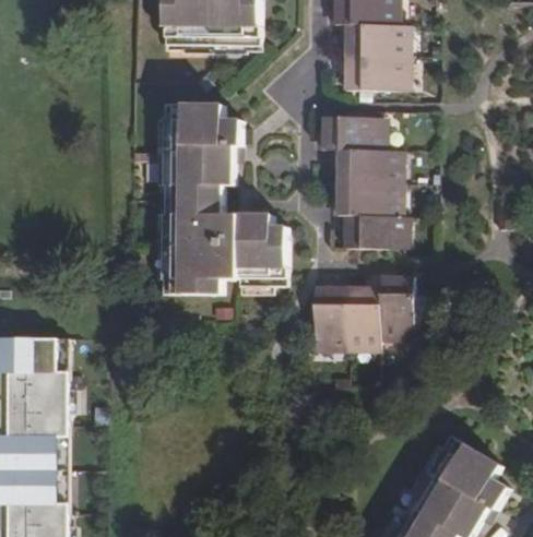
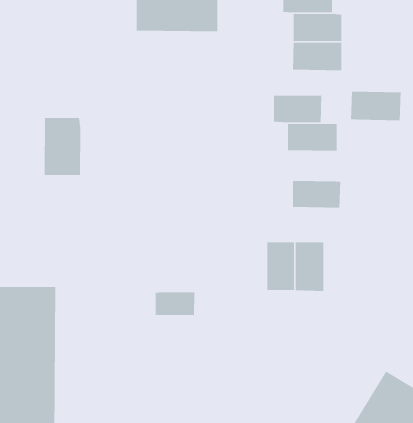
building: [164,105,287,293] -> none
building: none -> [44,117,81,176]
building: [336,182,395,217] -> [350,91,401,121]
building: [380,276,413,334] -> none
building: none -> [155,292,195,316]

